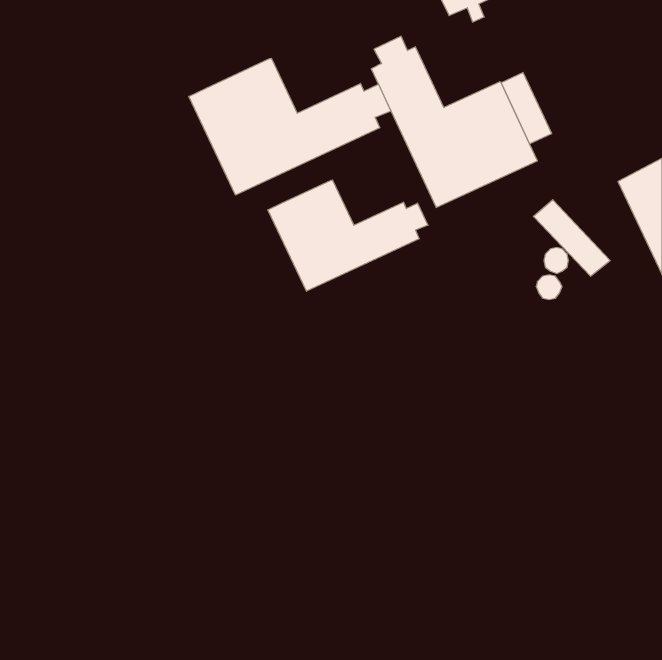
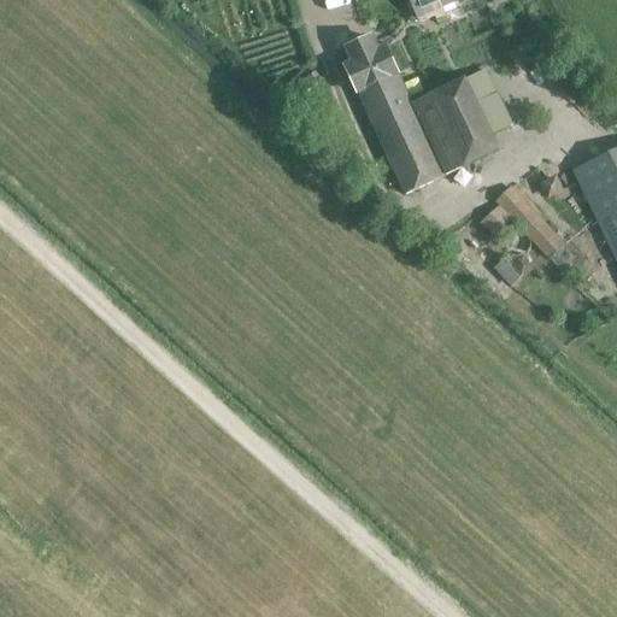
building: [189,58,391,195] -> none
building: [268,180,428,291] -> none

